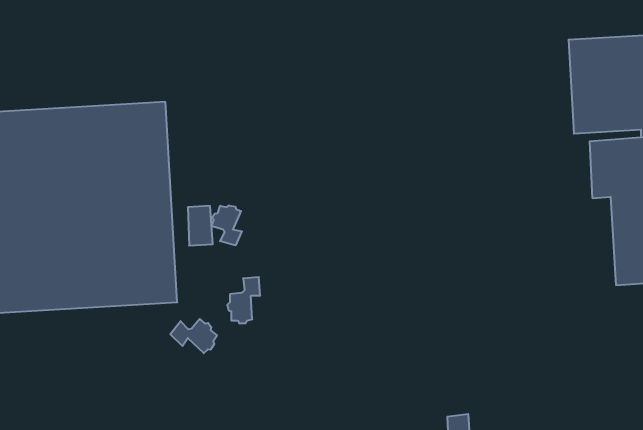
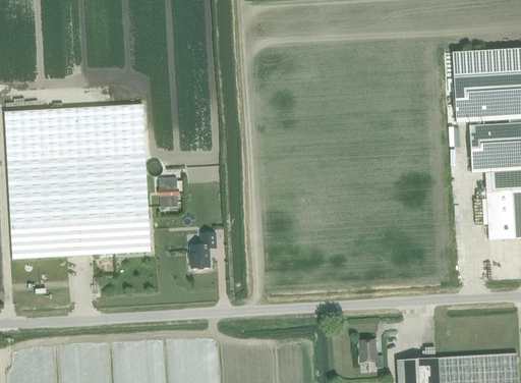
building: [212,205,242,245] -> none
building: [170,319,217,353] -> none

